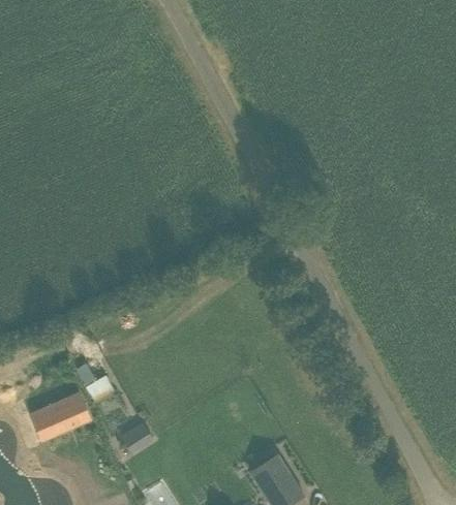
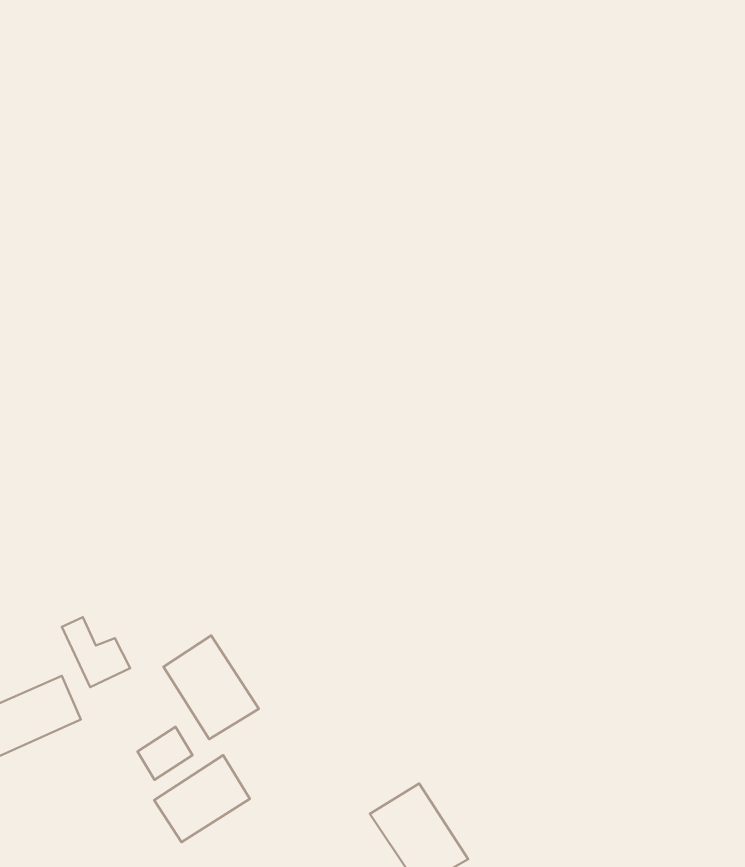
building: none -> [163,636,259,739]
building: none -> [154,755,250,842]

